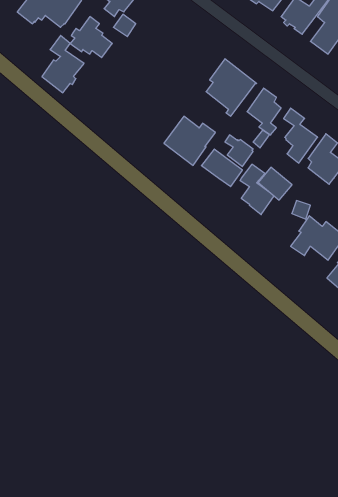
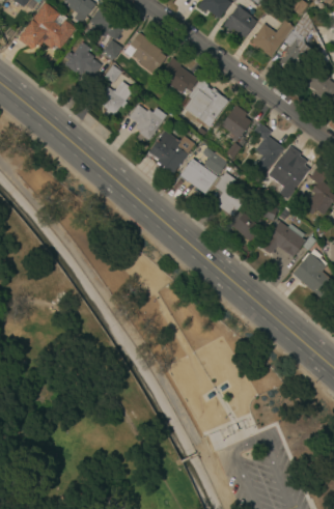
building: none -> [130,32,167,74]
building: none -> [158,57,197,93]
building: [42,35,84,93] -> [96,64,134,115]
building: none -> [129,105,167,140]
building: [258,167,292,200] -> [232,213,262,242]

